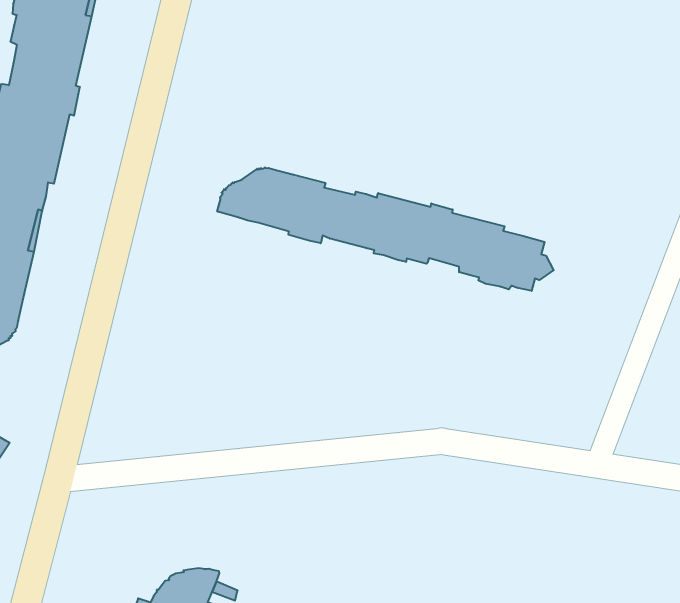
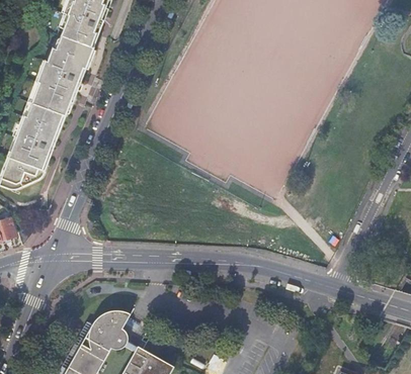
building: [217,167,554,291] -> none

